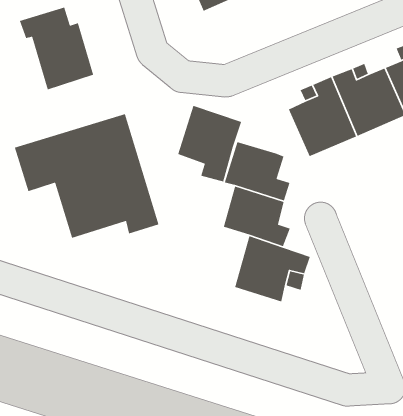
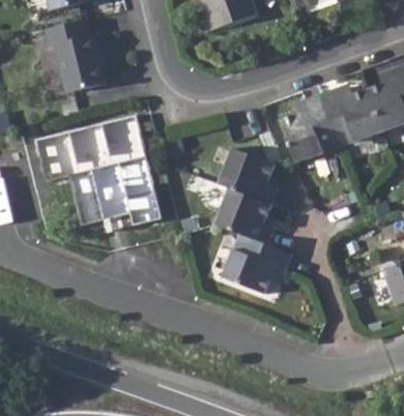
building: [177,105,242,182] -> none

